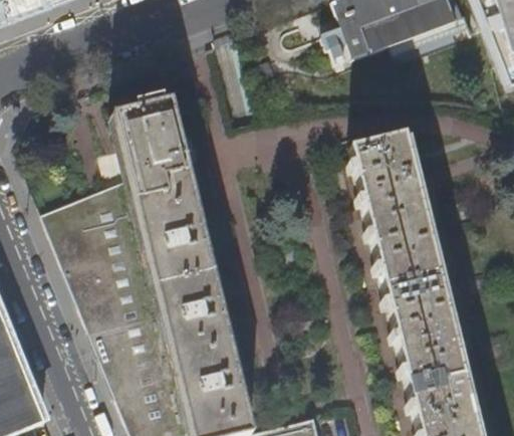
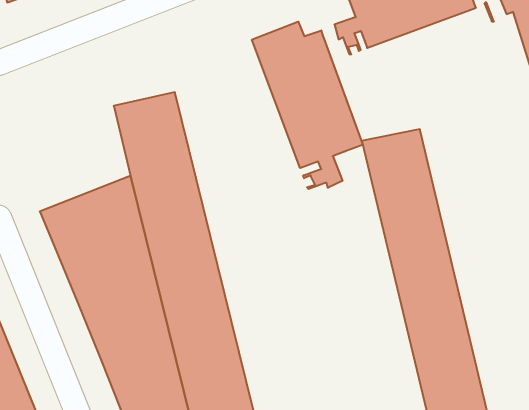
building: none -> [252,22,363,189]

